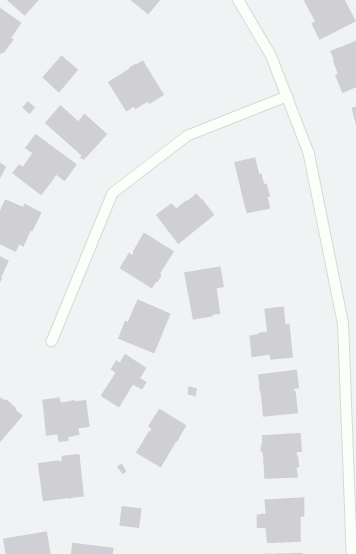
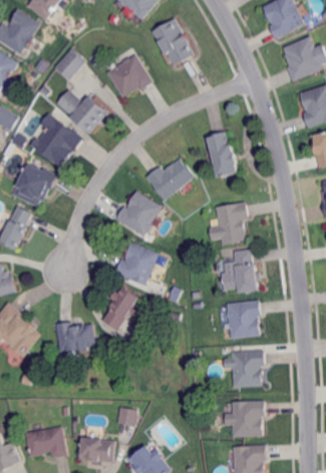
building: none -> [149,18,192,65]
building: [183,266,225,320] -> [213,202,246,246]
building: [135,407,188,468] -> none
building: [37,453,85,502] -> none

